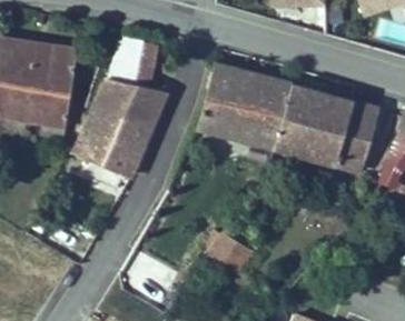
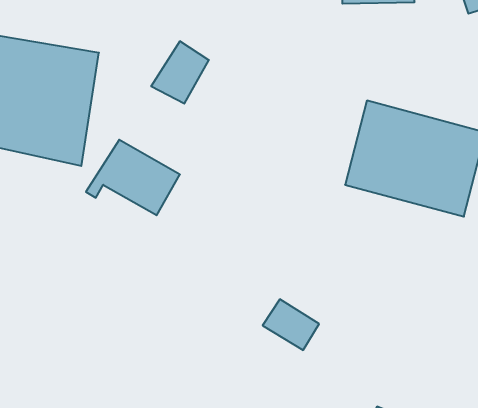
building: [197,63,287,147] -> none
building: [97,71,169,139] -> none

